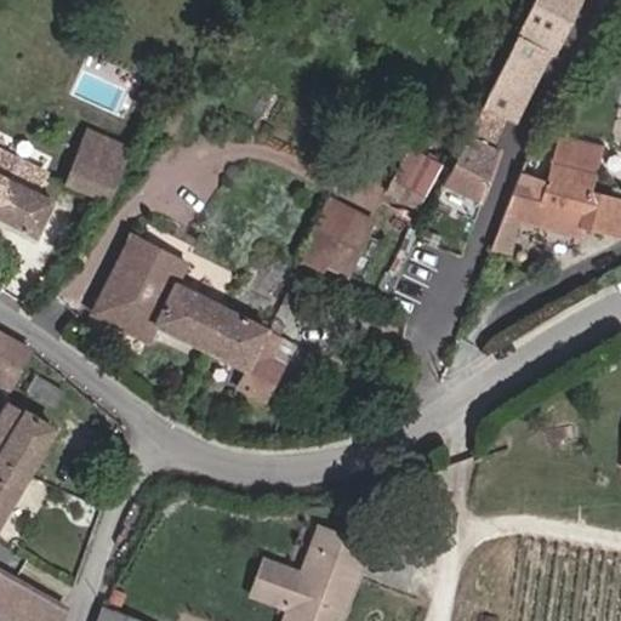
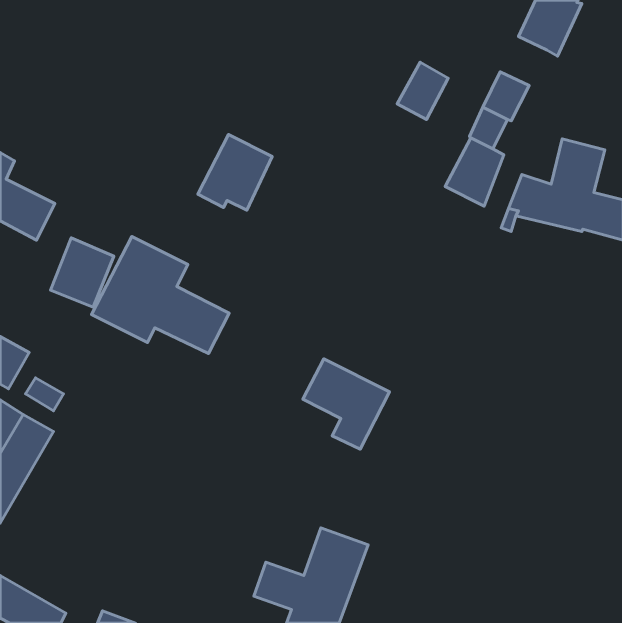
building: [498,36,545,85] -> none
building: [67,131,130,200] -> [51,238,114,307]
building: [388,150,439,207] -> [397,62,448,120]
building: [298,199,372,274] -> [198,135,272,210]
building: [209,312,295,401] -> [303,359,390,449]

